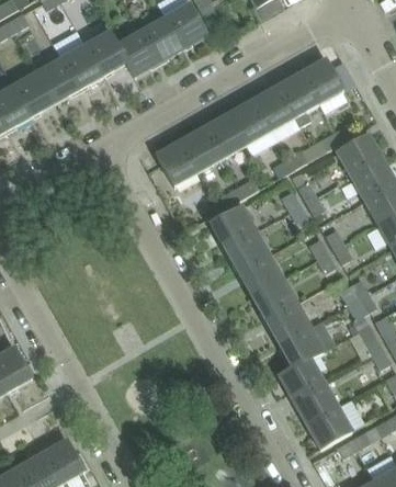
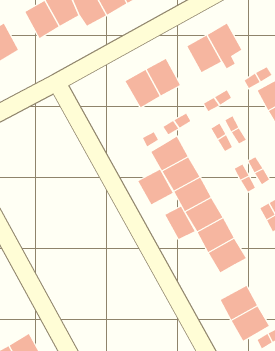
building: [37,58,79,103] -> none
building: [302,58,348,113] -> none
building: [229,99,271,145] -> none
building: [156,140,199,185] -> none
building: none -> [138,169,174,205]
building: none -> [165,206,195,240]
building: [279,358,325,399] -> none

